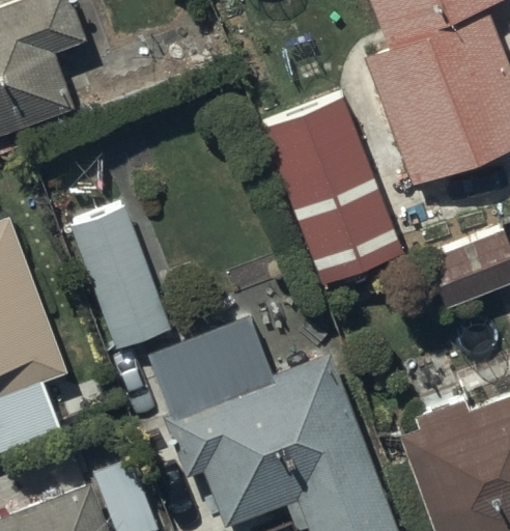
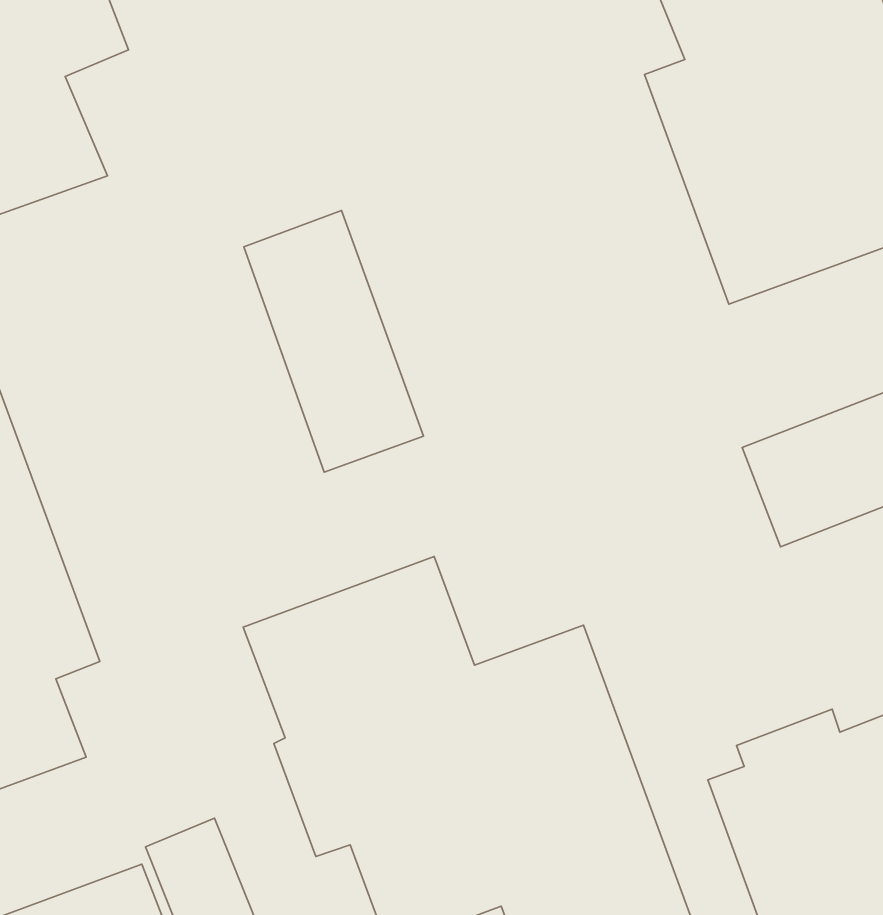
building: [264,100,398,281] -> none
building: [70,208,168,351] -> [244,210,424,472]

